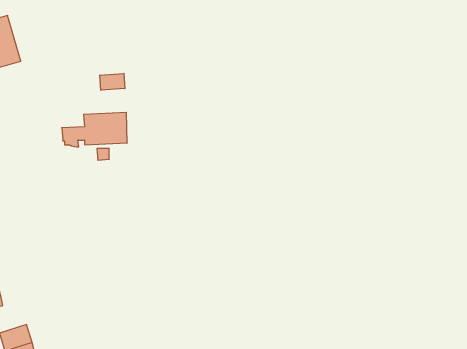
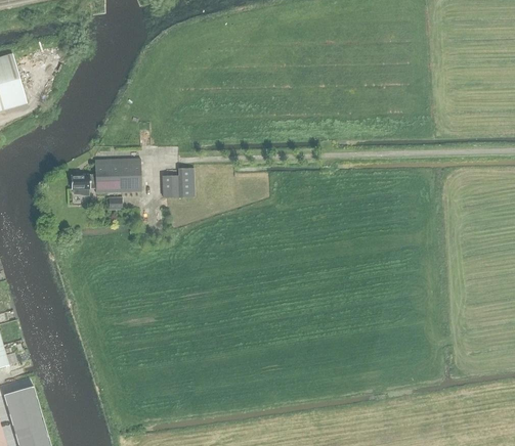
building: [100,73,125,90] -> none
building: none -> [162,167,194,197]

